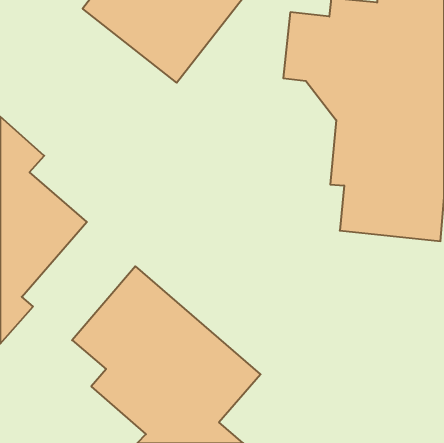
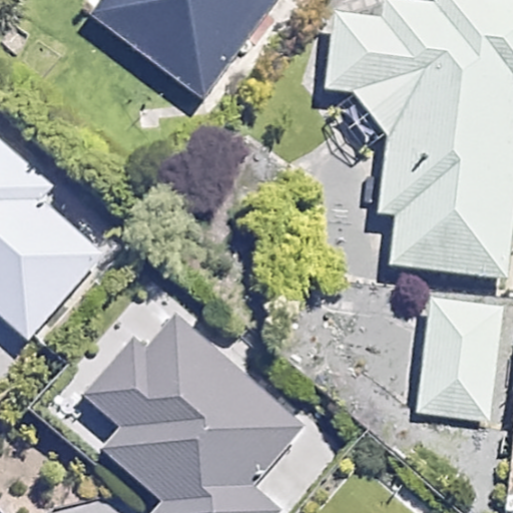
building: none -> [417,300,502,420]

